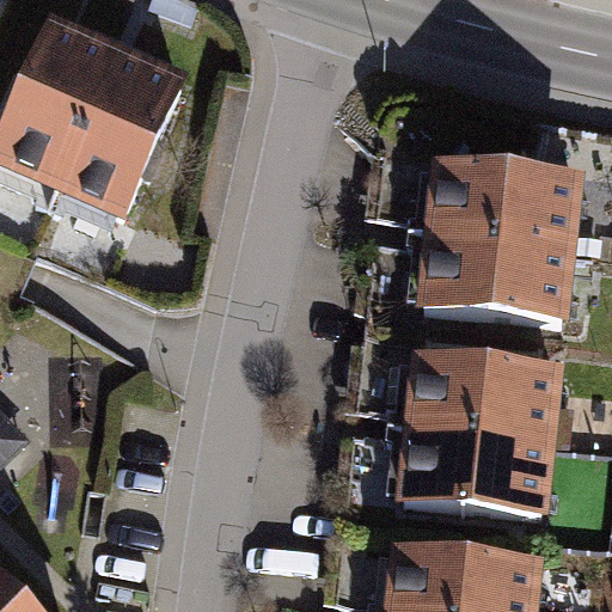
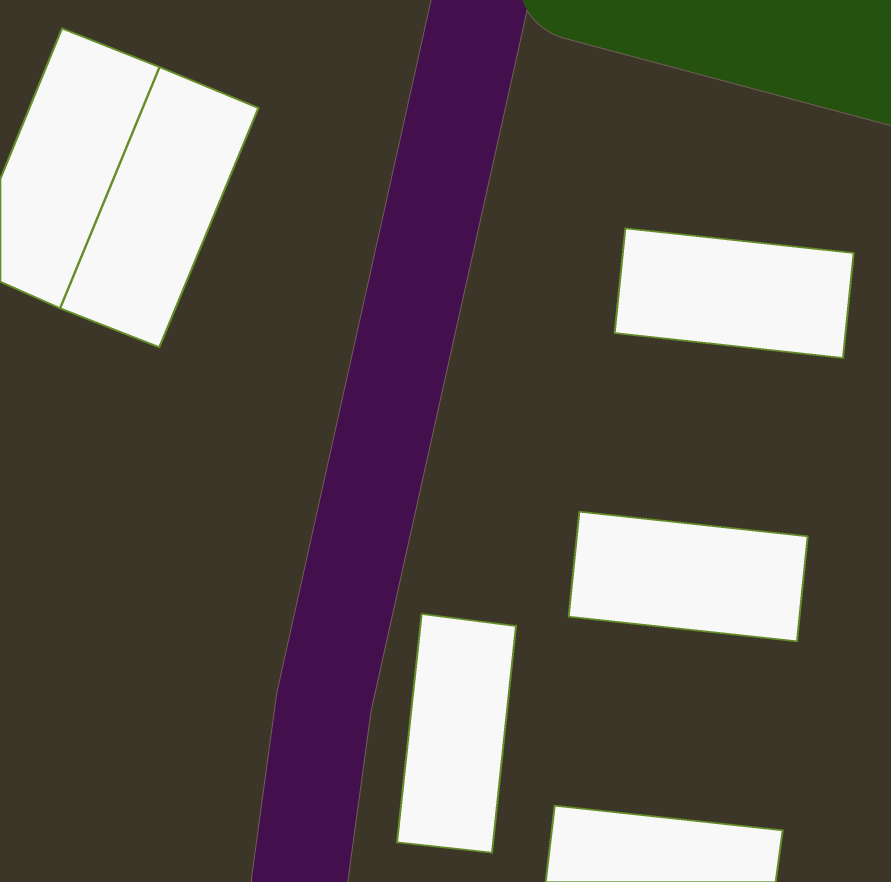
building: [416,225,579,317] -> none
building: none -> [397,614,516,853]
building: [385,416,547,508] -> none

